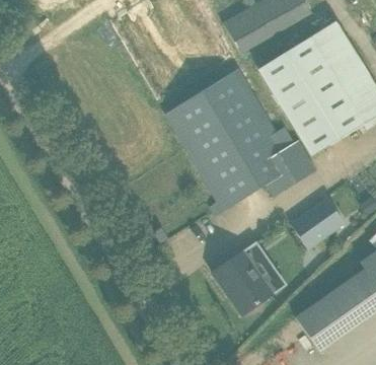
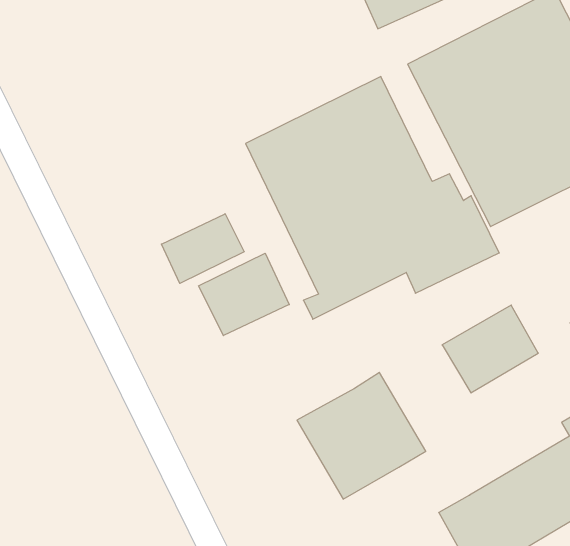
building: none -> [161,214,244,283]
building: none -> [199,253,289,336]

